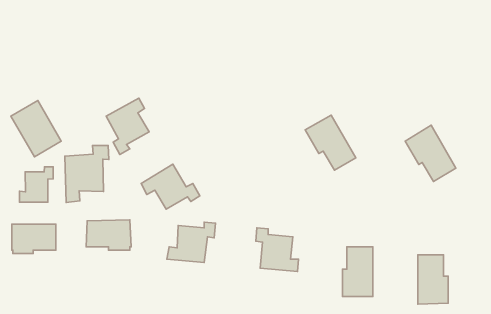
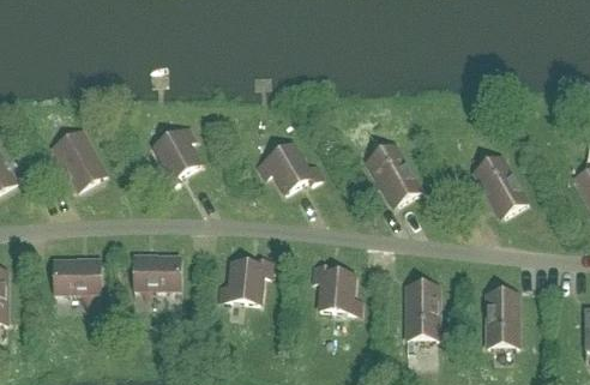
building: [65,145,109,203] -> none
building: [141,164,200,209] -> [258,143,320,191]
building: [19,167,53,202] -> none

